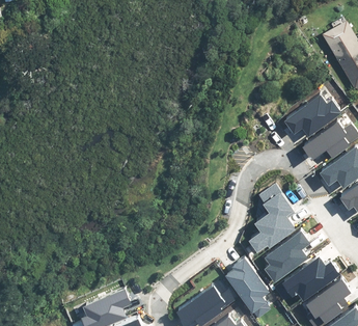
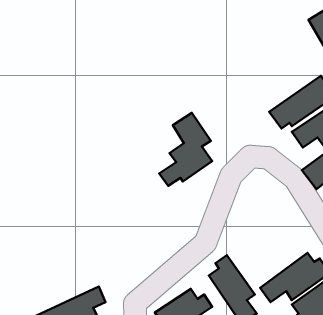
building: [248,182,297,249] -> [159,113,212,186]
building: [267,230,311,280] -> none

